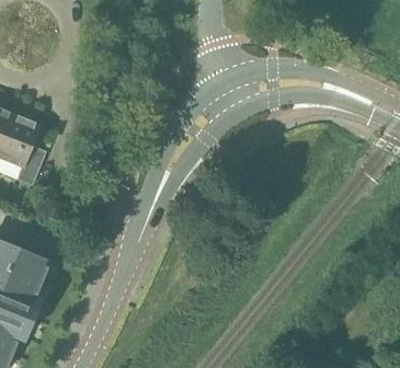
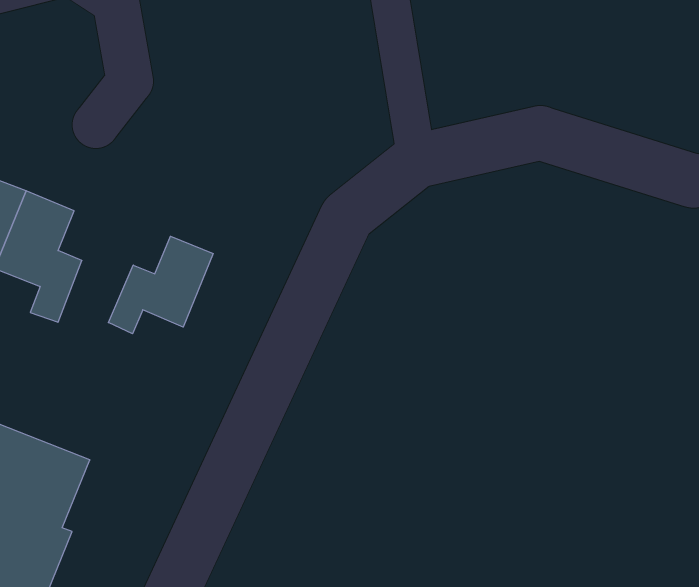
building: none -> [108,236,213,334]

